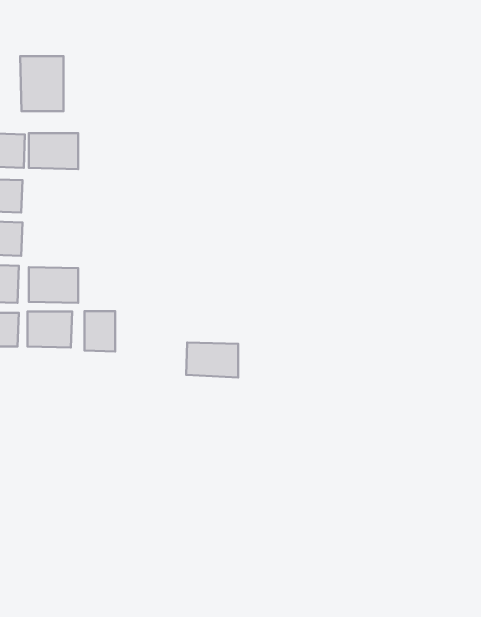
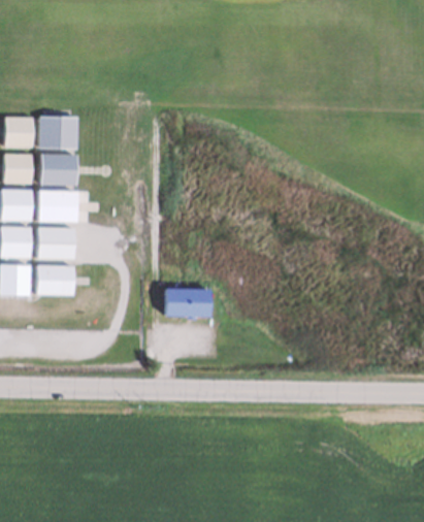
building: [20,56,64,111] -> none
building: none -> [42,155,74,183]
building: none -> [37,191,78,221]
building: [85,311,115,352] -> none

